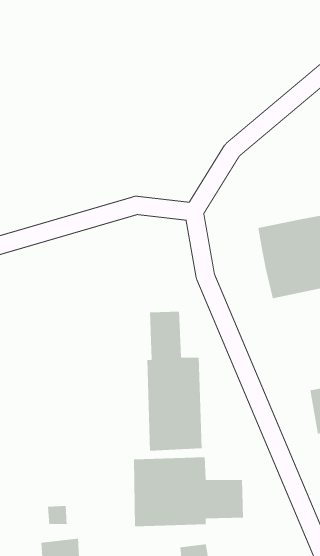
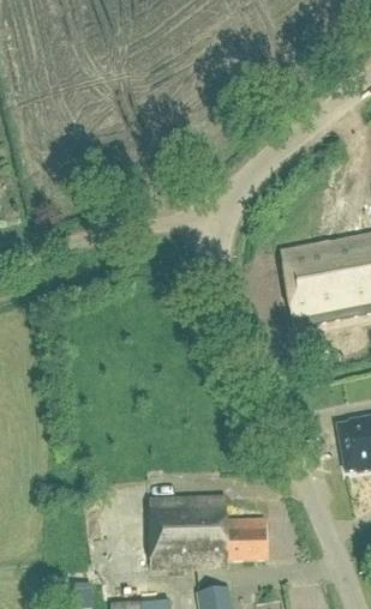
building: [147,311,202,452] -> none

